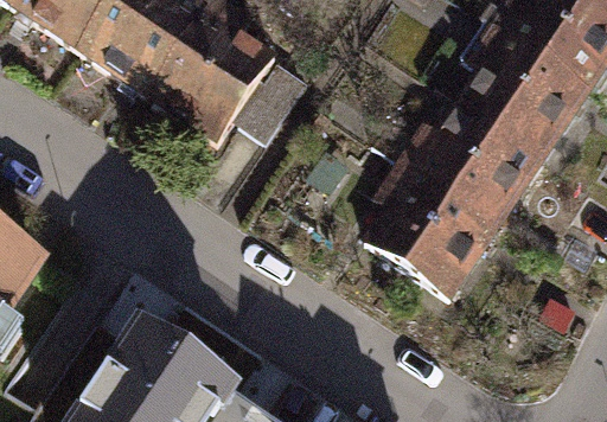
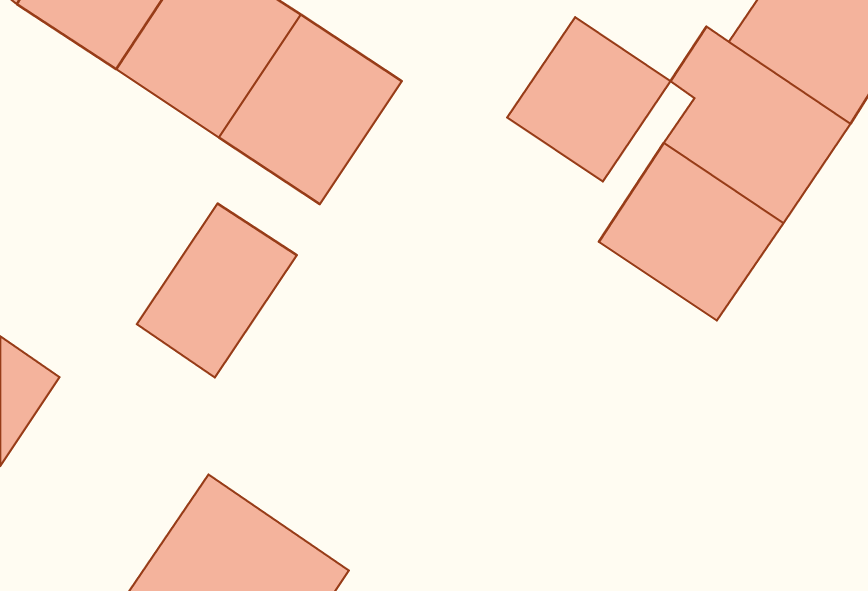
building: none -> [507,17,671,181]
building: none -> [137,204,297,378]
building: [366,168,497,294] -> none

